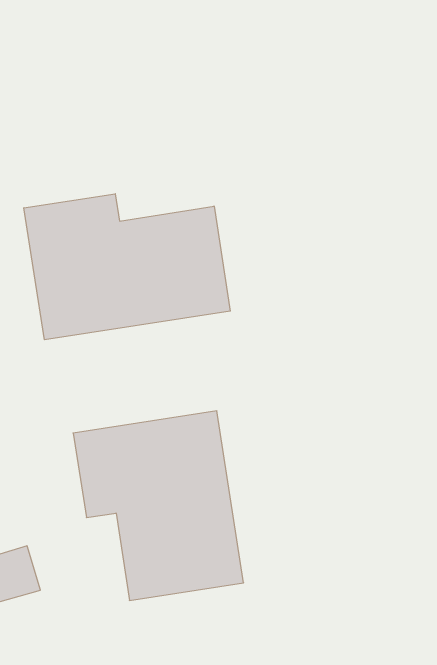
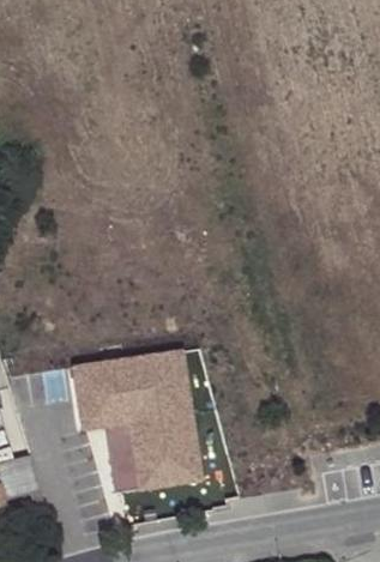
building: [24,194,230,340] -> none

